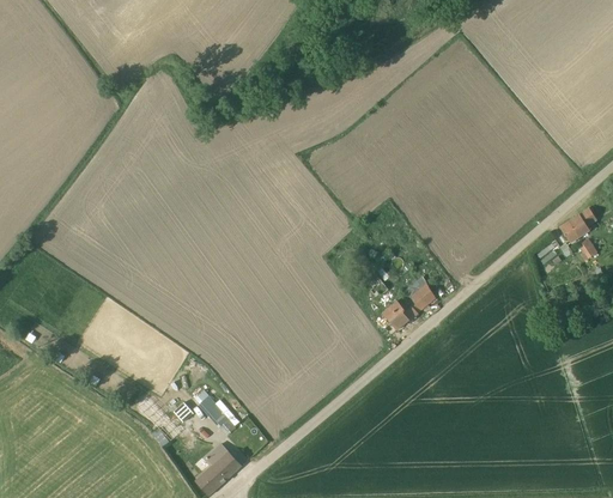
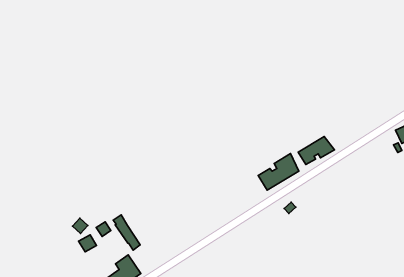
building: none -> [298,136,334,165]

